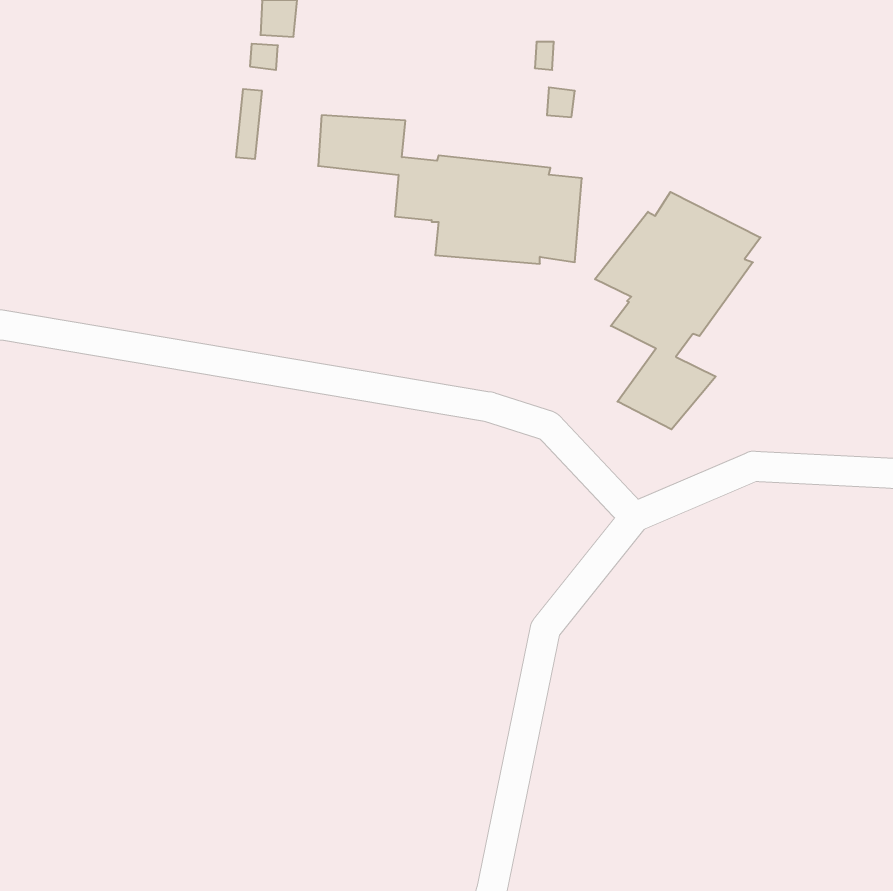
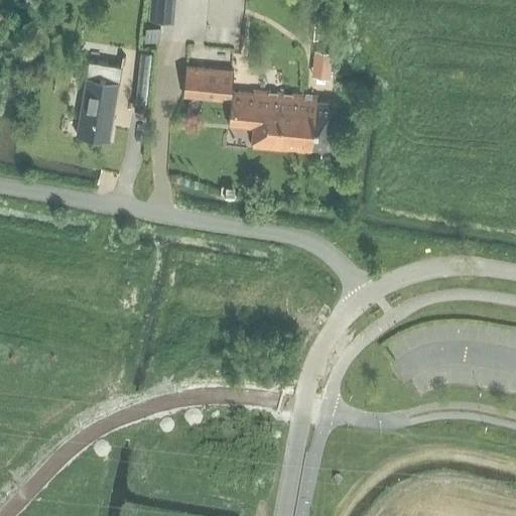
building: none -> [77,60,121,140]
building: [595,192,761,429] -> none

